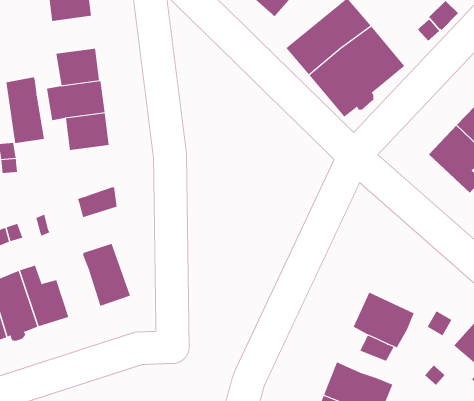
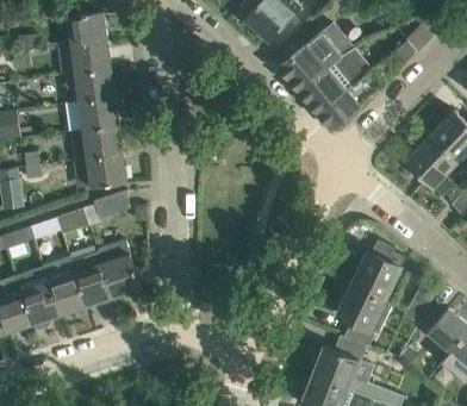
building: none -> [70,39,110,73]
building: [6,77,45,144] -> none
building: none -> [86,154,125,187]
building: none -> [351,239,406,302]
building: none -> [70,251,113,306]

